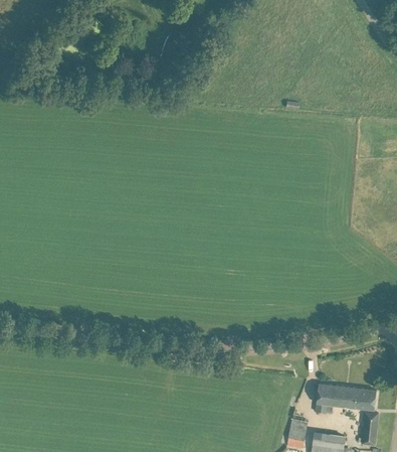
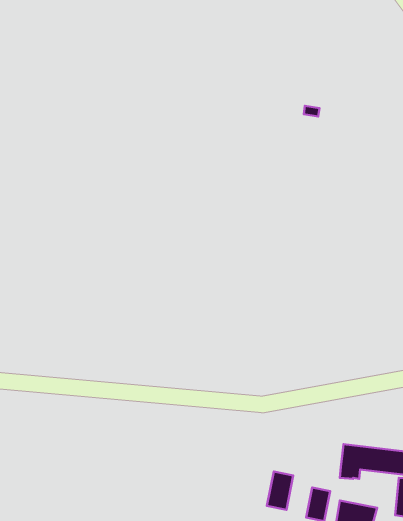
building: none -> [267,472,293,510]

